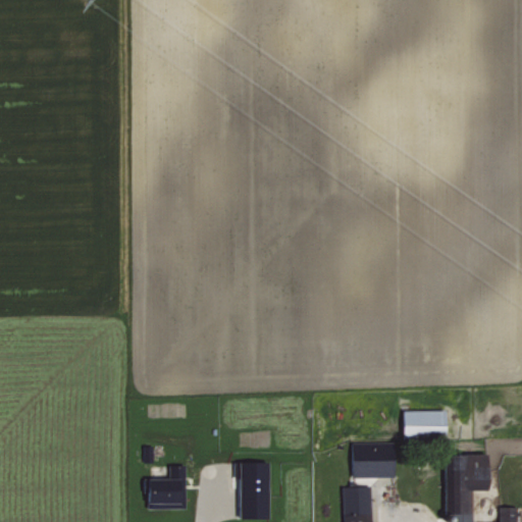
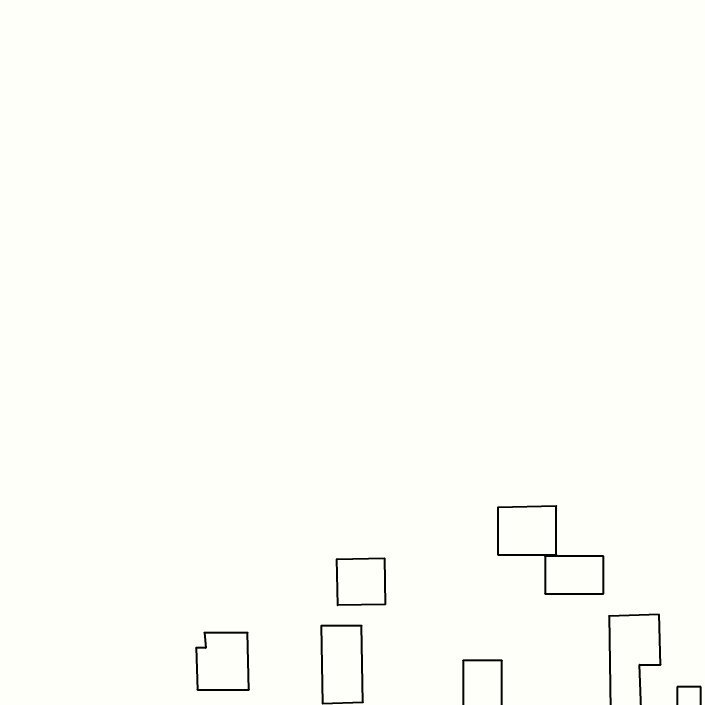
building: none -> [337,558,385,605]
building: [353,443,396,479] -> [498,506,556,555]

